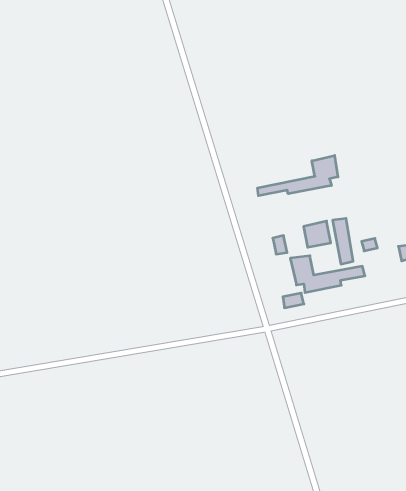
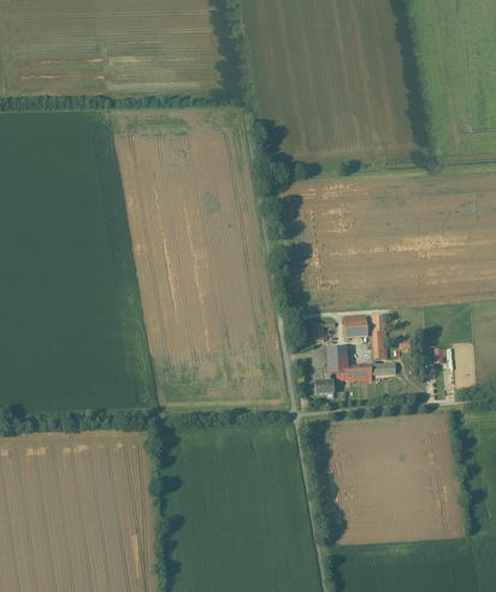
building: [258,155,338,196] -> none

